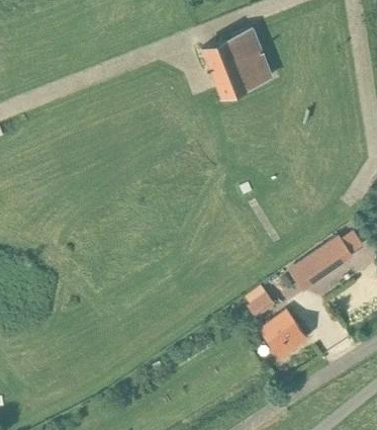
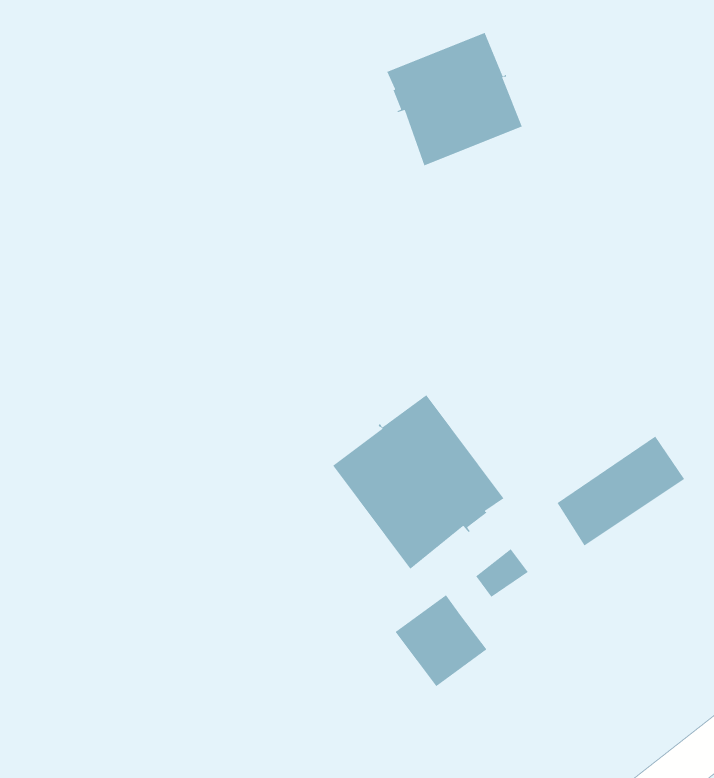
building: none -> [332,394,504,570]
building: [259,311,306,358] -> [395,594,488,687]

